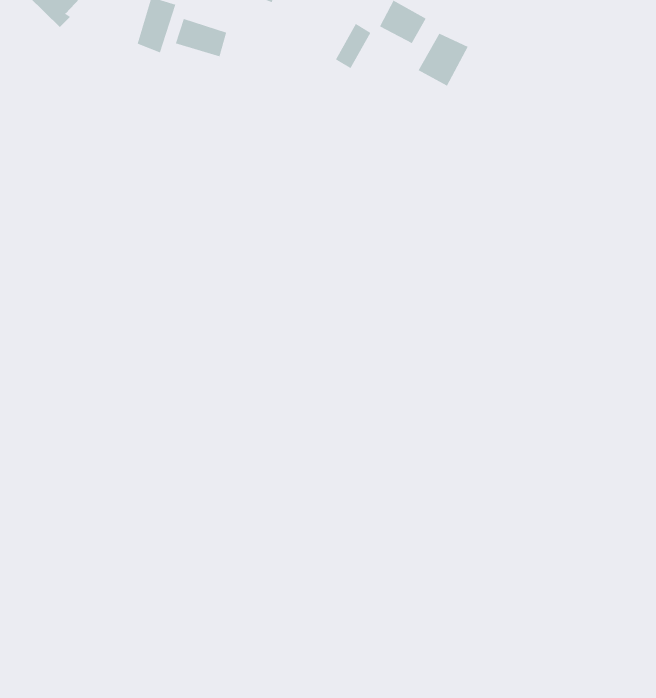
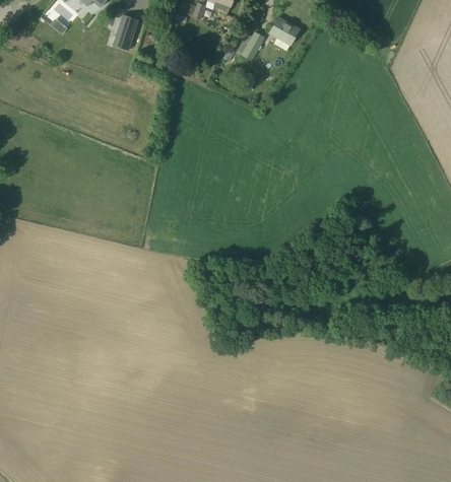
building: [175,18,227,57] -> none
building: [418,33,469,87] -> none

